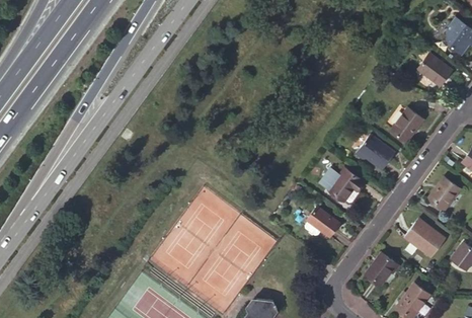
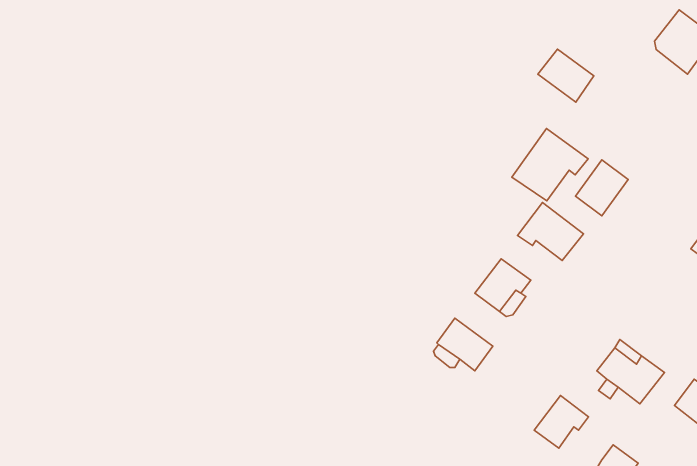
building: [417,54,452,86] -> [538,49,594,102]
building: none -> [512,129,588,201]
building: [428,176,461,209] -> none

